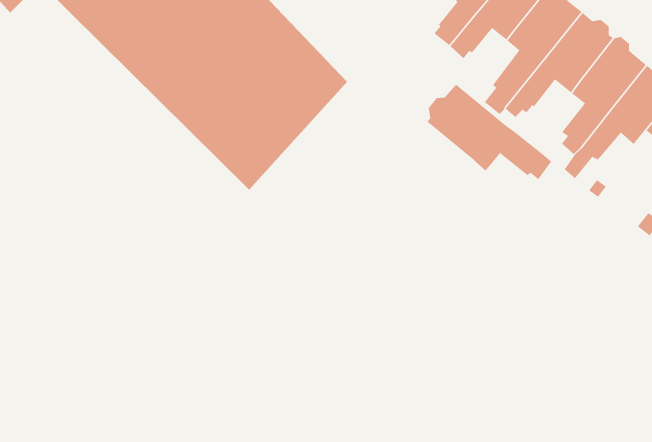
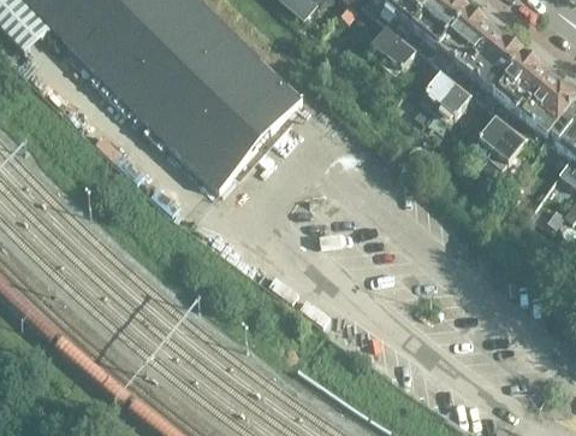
building: [427,84,552,180] -> none

